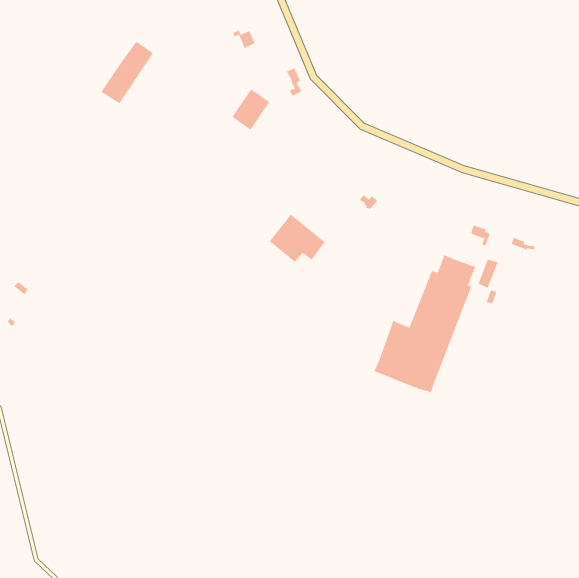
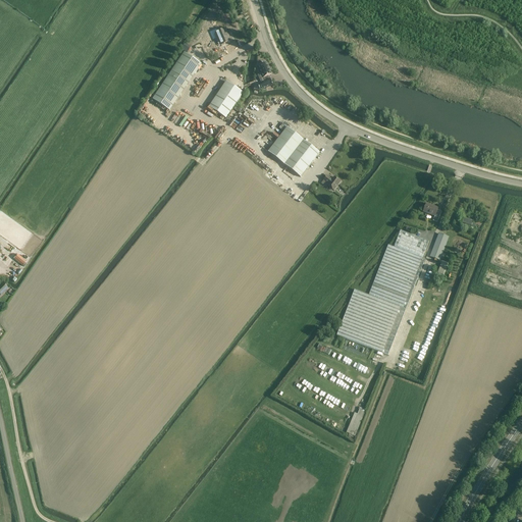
building: [101,41,154,104] -> [152,52,200,109]
building: [269,214,326,263] -> [267,125,318,169]

